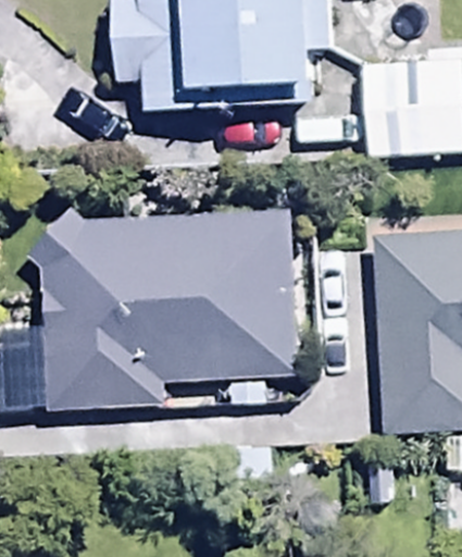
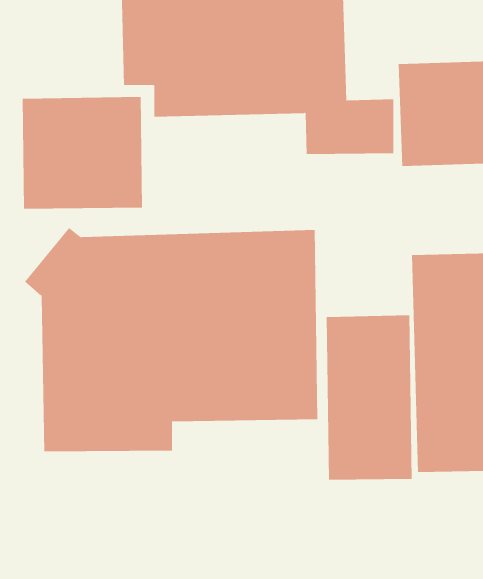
building: none -> [22,96,143,210]
building: none -> [326,314,412,480]

